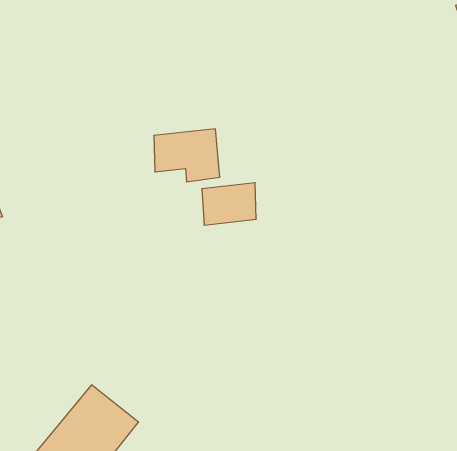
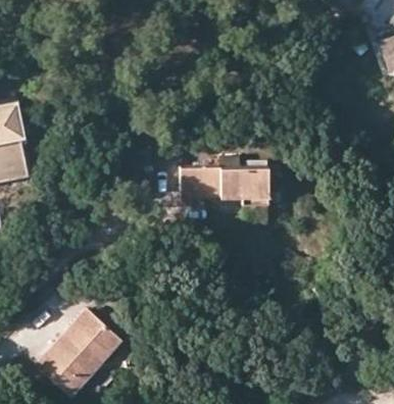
building: [154,129,220,182] -> [220,164,269,203]

